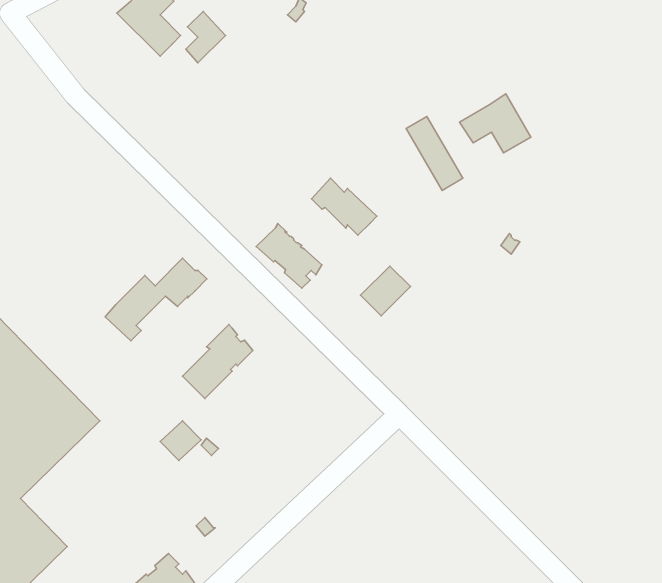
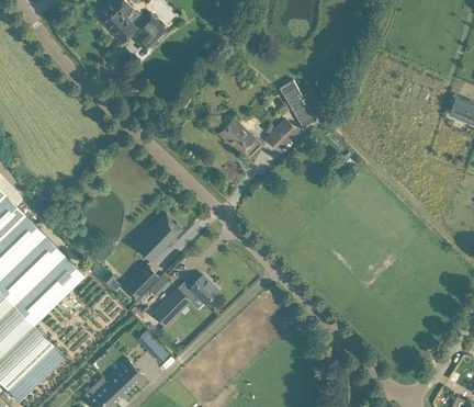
building: [460,94,531,153] -> none
building: [256,224,322,288] -> none
building: [105,258,207,341] -> [151,276,216,329]
building: [361,266,411,316] -> [266,118,297,150]

